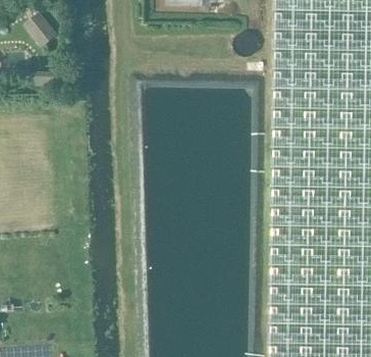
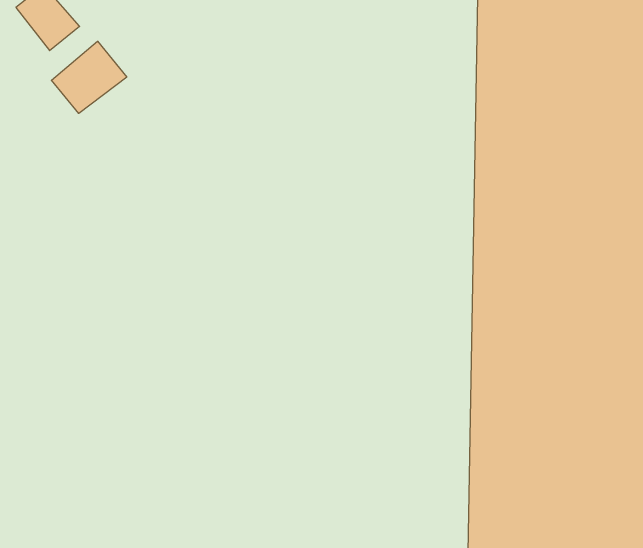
building: none -> [51,41,127,113]

